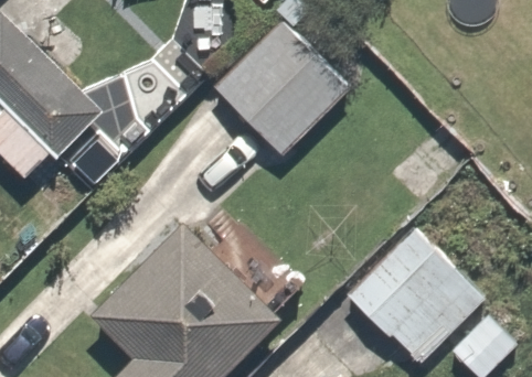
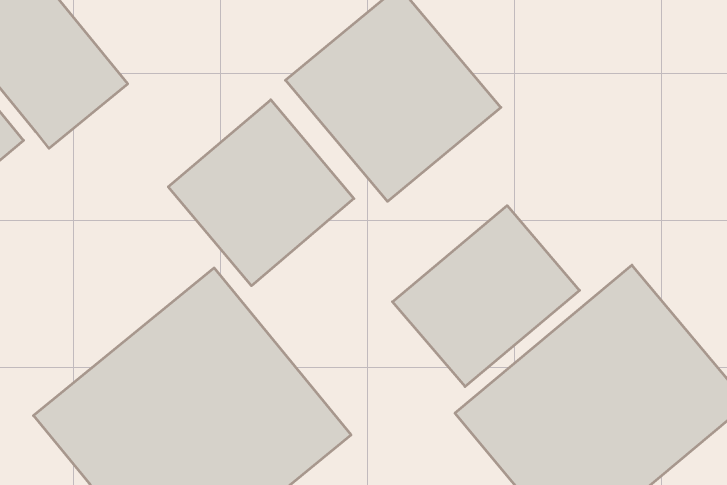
building: none -> [168,100,354,286]
building: none -> [392,206,580,387]

